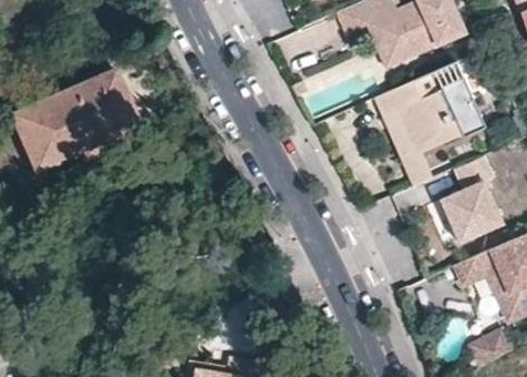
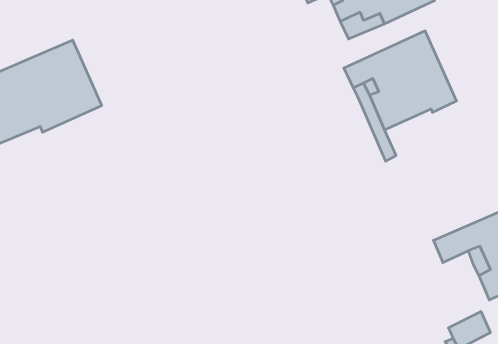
building: [442,157,504,243] -> none

